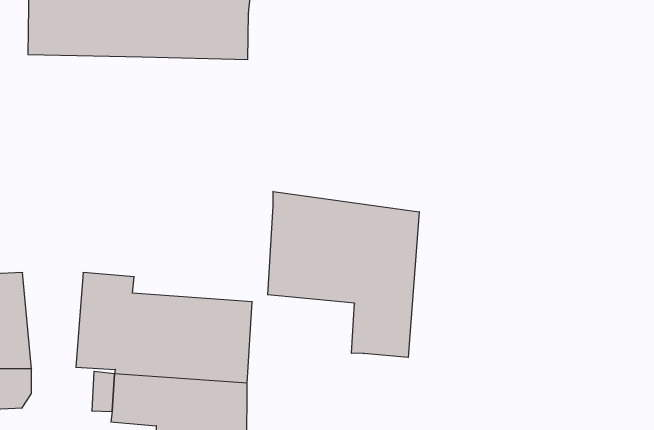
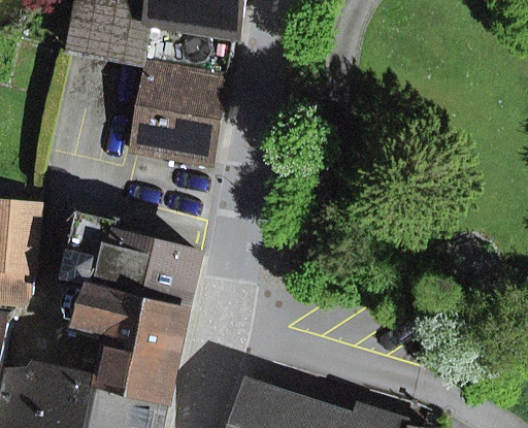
building: none -> [131,64,222,160]
building: [268,191,419,357] -> none

